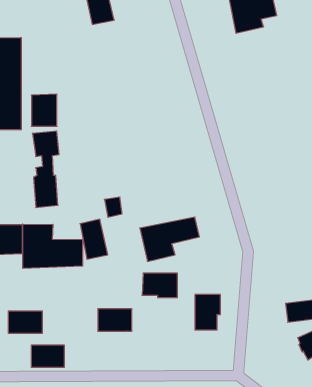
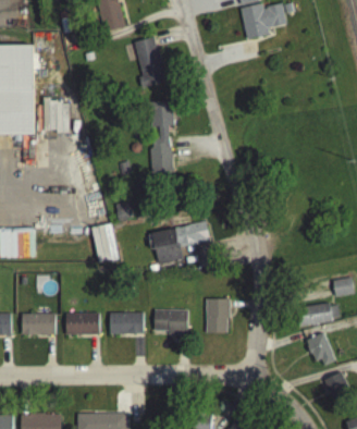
building: none -> [134,36,167,88]
building: [32,131,59,208] -> [149,102,175,177]
building: [23,224,83,268] -> none
building: [142,273,177,298] -> [153,309,188,333]
building: [31,345,64,367] -> [66,312,99,334]

